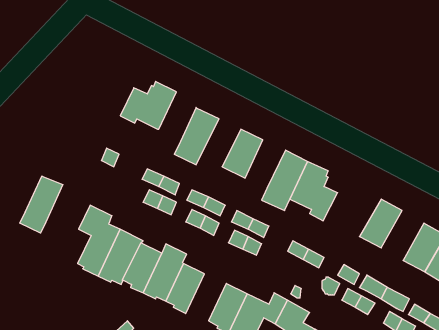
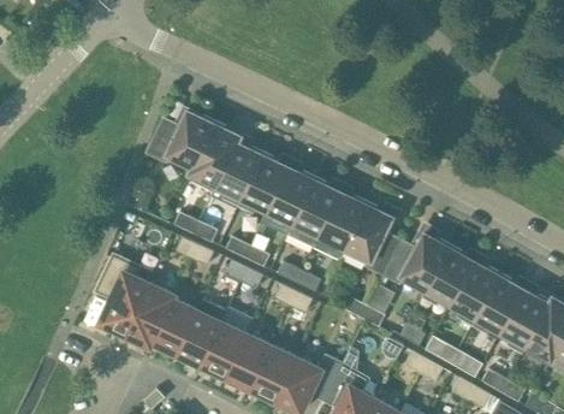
building: none -> [189,124,241,187]
building: none -> [242,155,289,211]
building: none -> [287,179,340,249]
building: [20,176,63,233] -> none
building: none -> [384,235,451,291]
building: none -> [451,261,500,319]
building: none -> [225,335,272,389]

